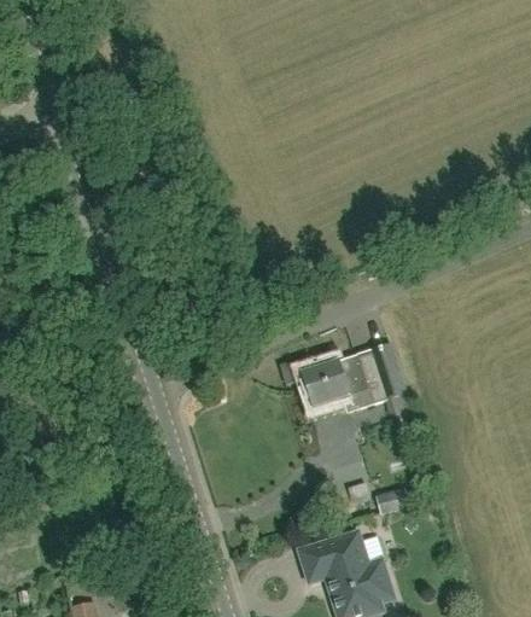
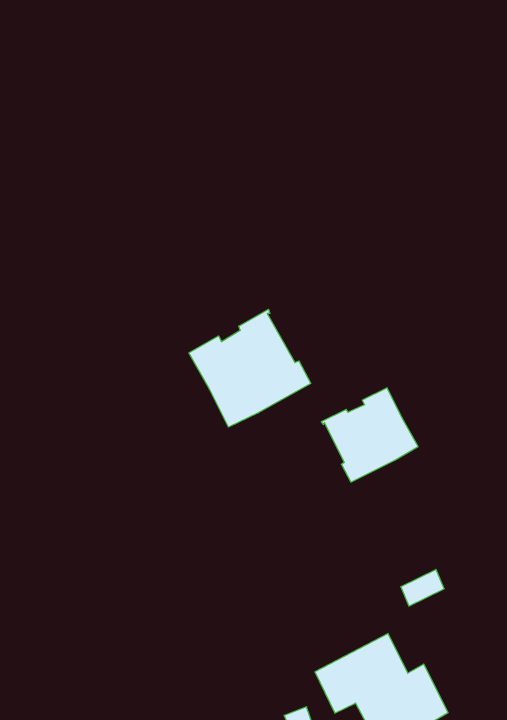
building: none -> [189,309,311,427]
building: [300,362,346,406] -> none

